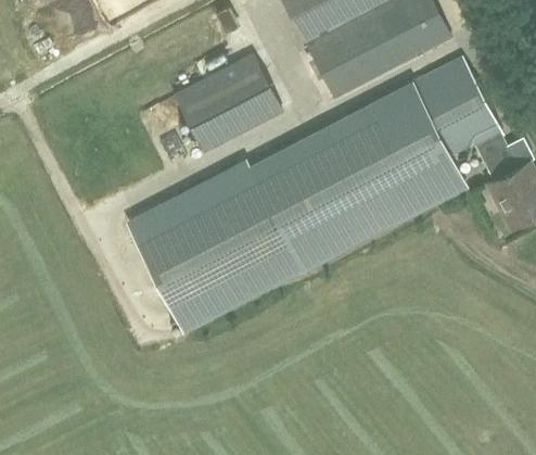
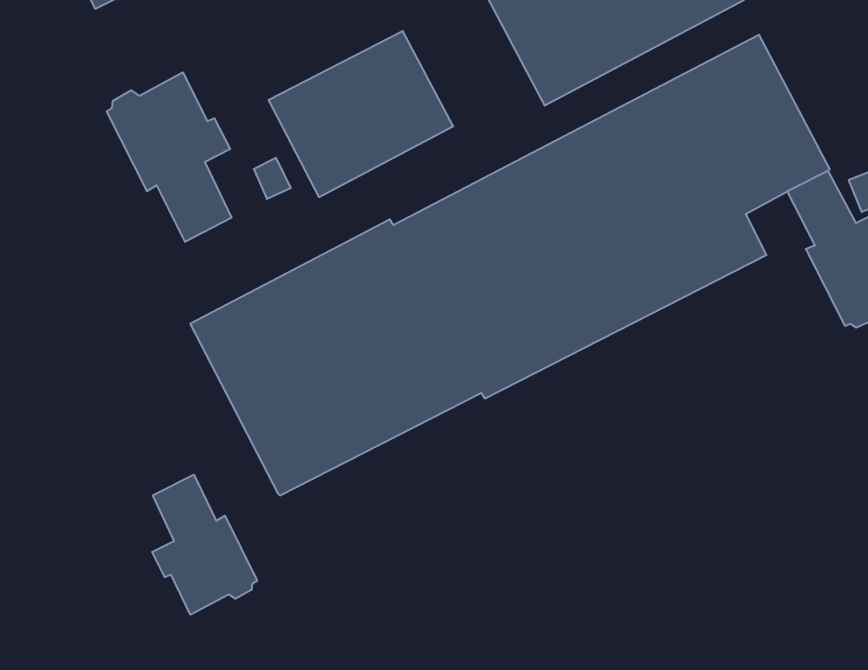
building: none -> [107,72,232,242]
building: none -> [152,475,257,615]

